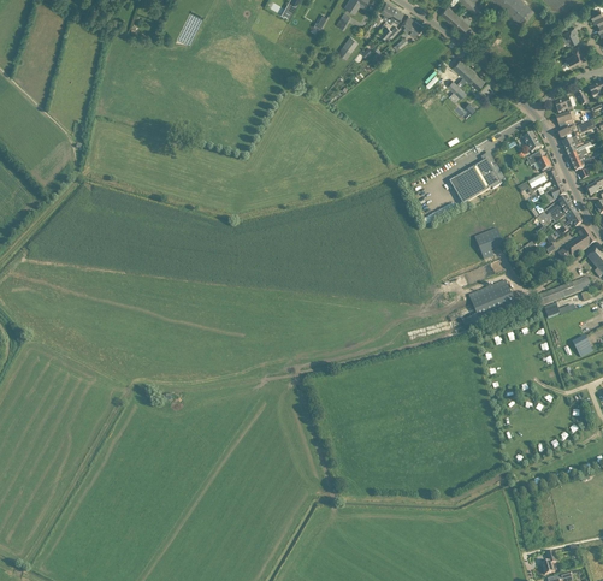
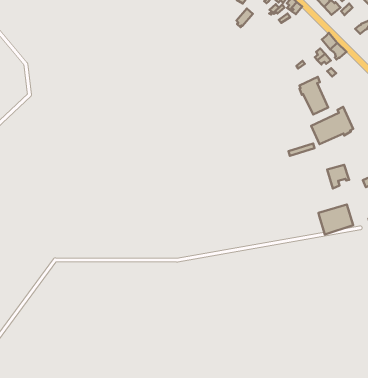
building: none -> [300,77,328,115]

